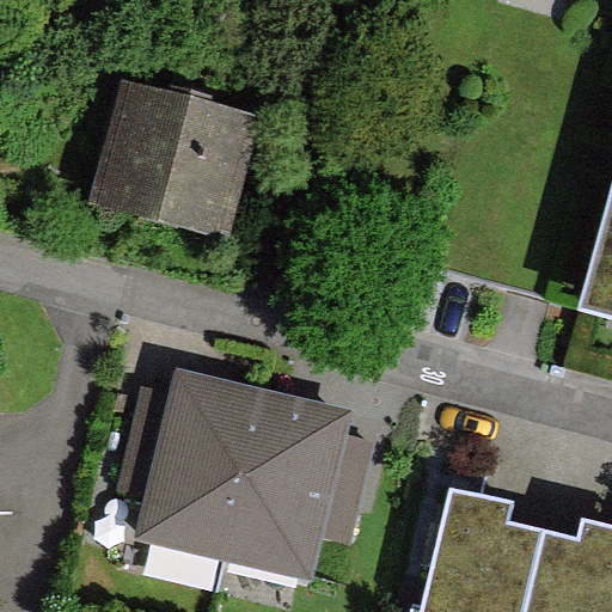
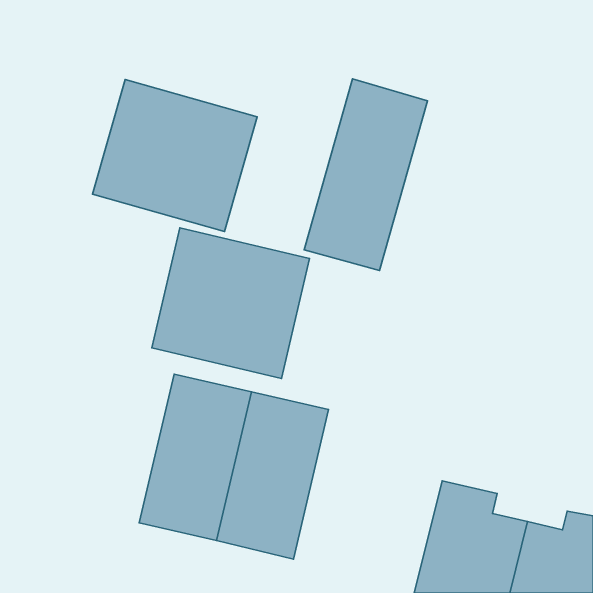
building: none -> [304,79,427,270]
building: none -> [152,228,309,379]

